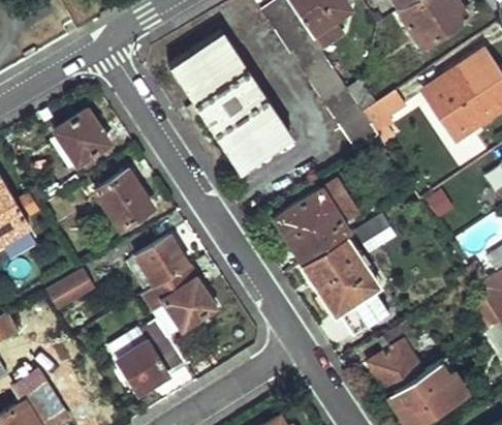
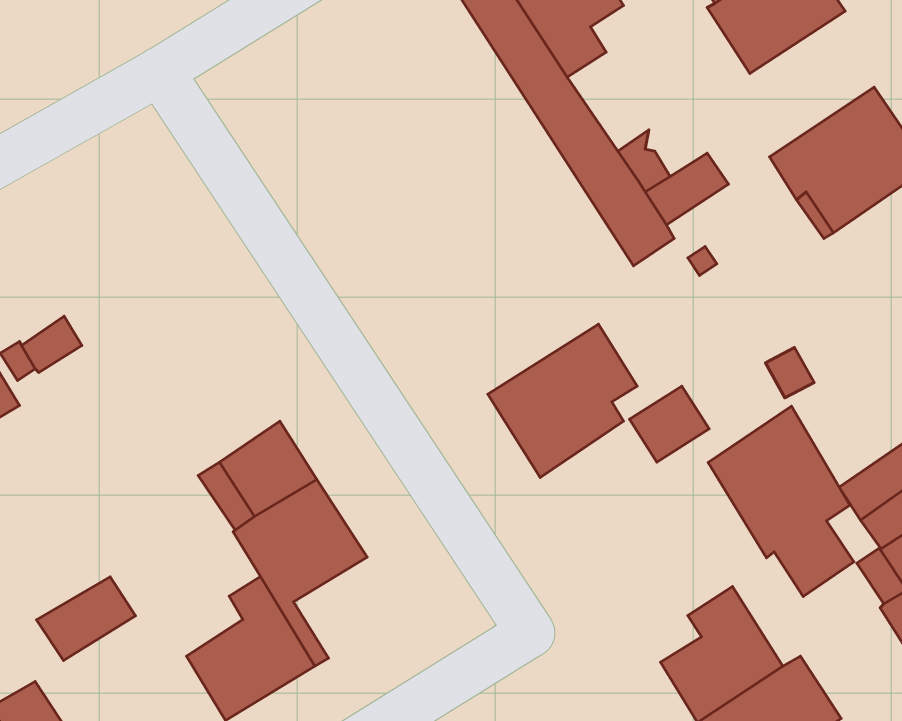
building: [169,32,291,172] -> none
building: [56,110,108,163] -> none
building: [96,171,151,227] -> none
building: [307,235,384,336] -> [708,406,854,597]
building: [43,268,96,312] -> [36,577,135,660]

